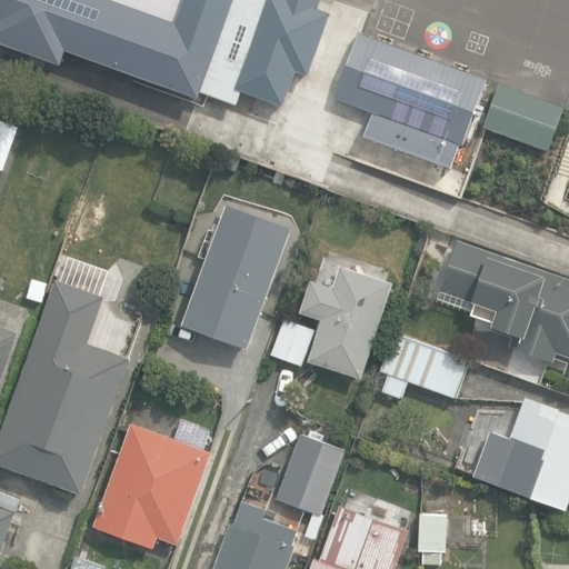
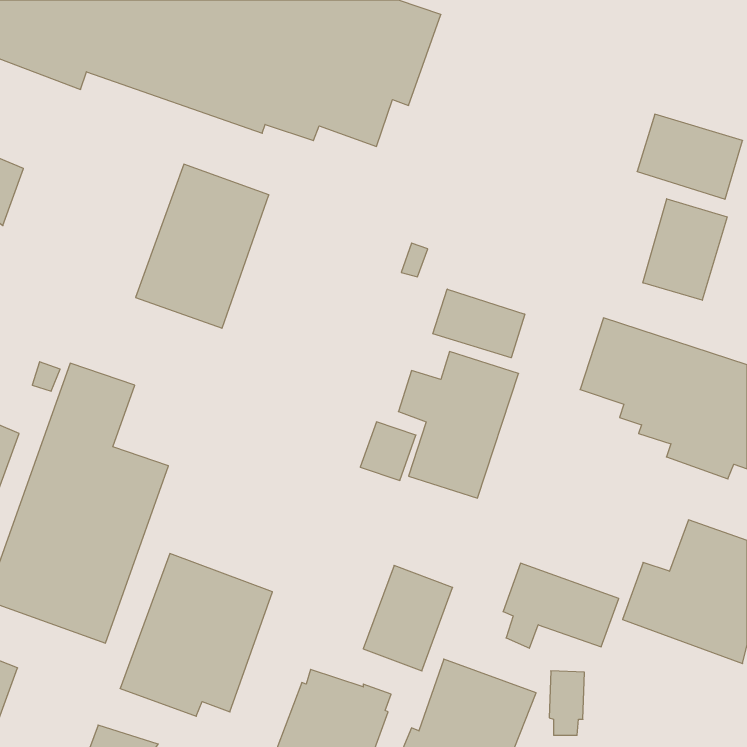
building: [335,36,481,170] -> none
building: none -> [643,199,727,300]
building: none -> [433,289,525,358]
building: [184,224,286,349] -> [136,164,269,328]
building: [382,335,470,399] -> [503,563,619,648]

